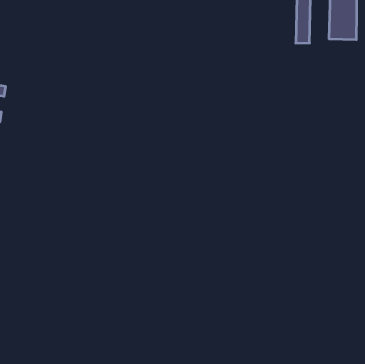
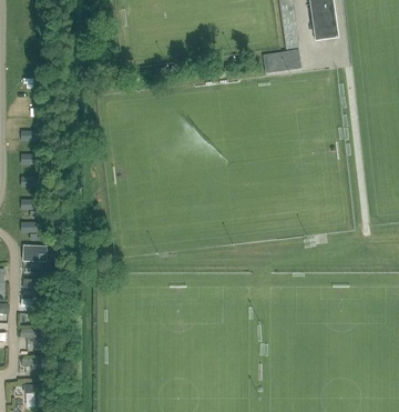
building: none -> [262,50,300,73]

